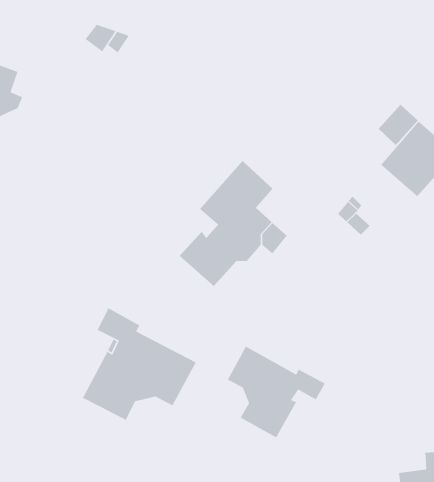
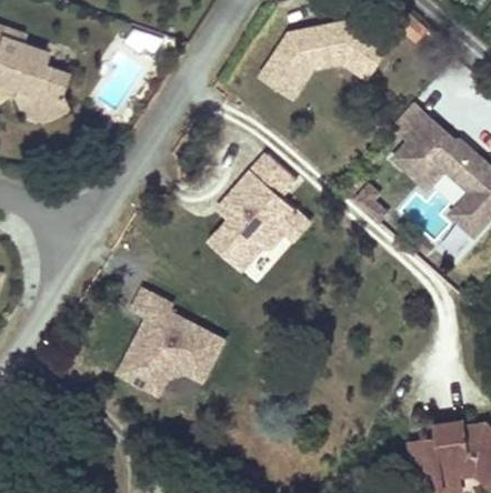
building: none -> [261,21,389,98]
building: [227,345,326,439] -> none

